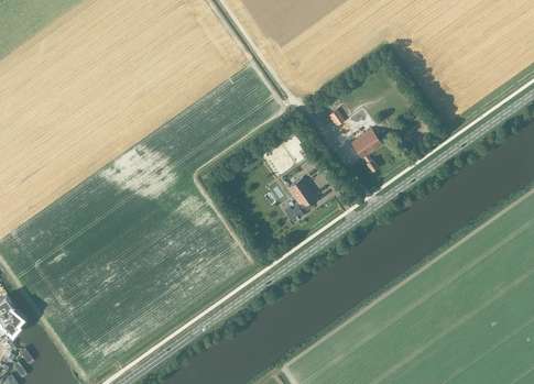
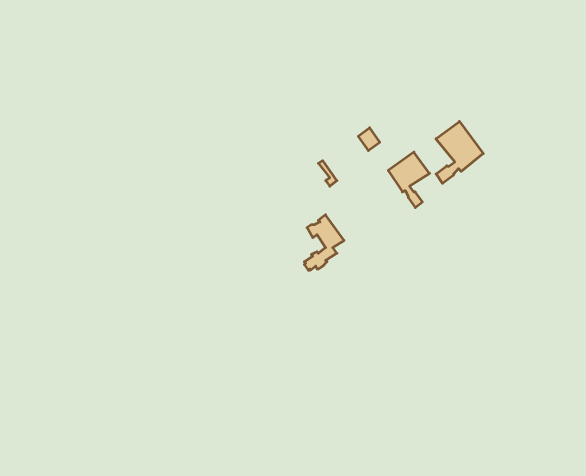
building: none -> [436,121,483,183]

